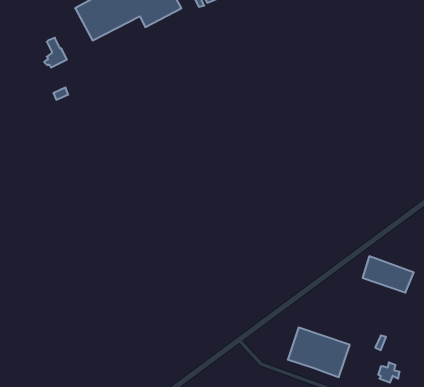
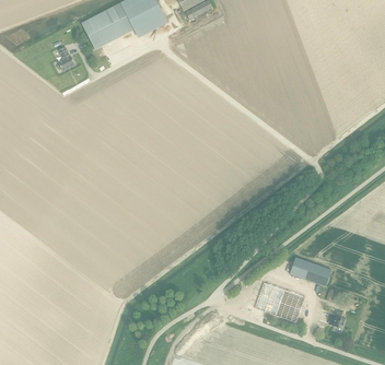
building: [363,256,414,293] -> [289,256,330,285]

